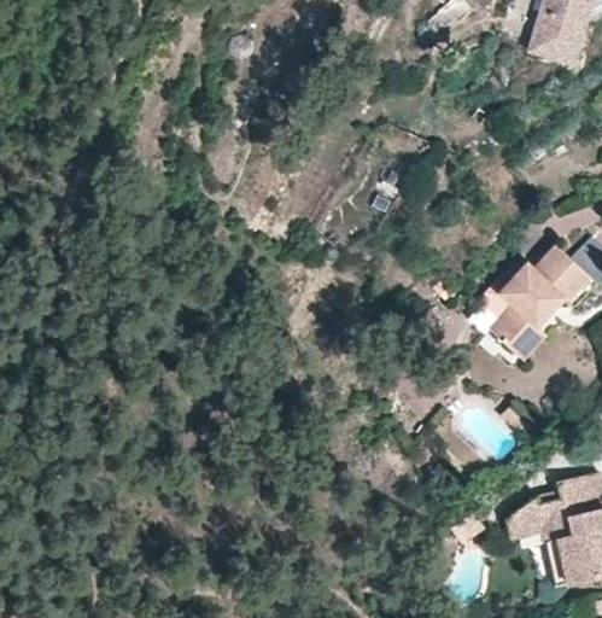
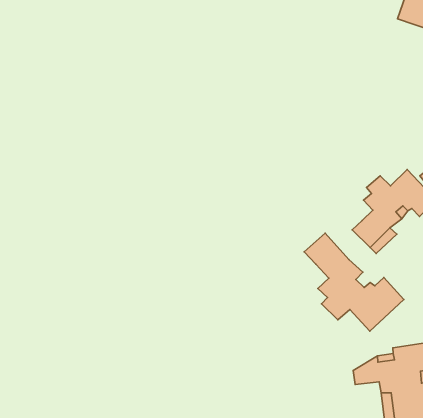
building: none -> [304,233,404,331]

